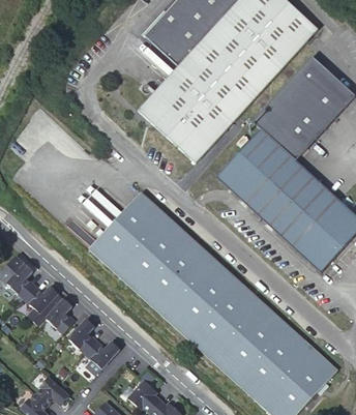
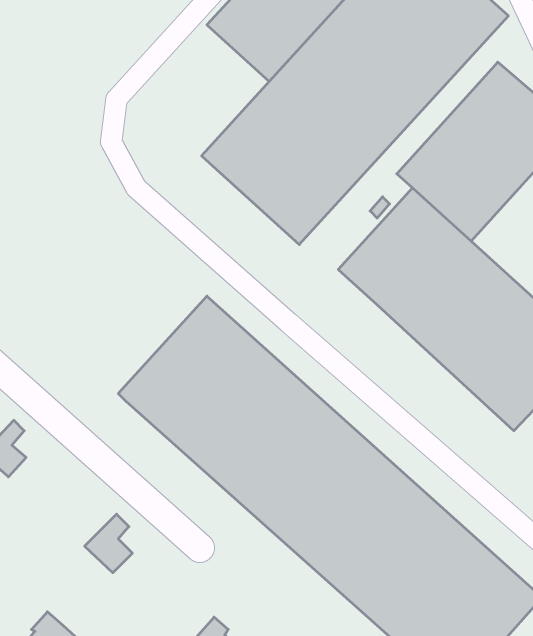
building: [25,287,58,313] -> none
building: [48,300,75,334] -> none
building: [86,343,120,376] -> none

